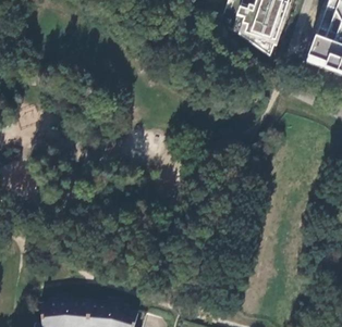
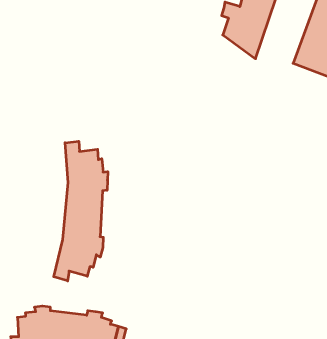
building: none -> [54,141,108,281]

